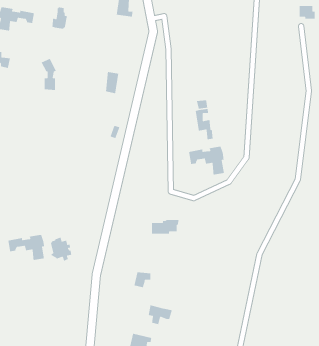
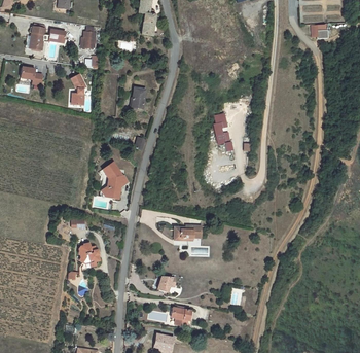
building: [188,146,225,175] -> none
building: none -> [102,162,129,200]
building: [7,234,45,261] -> none

